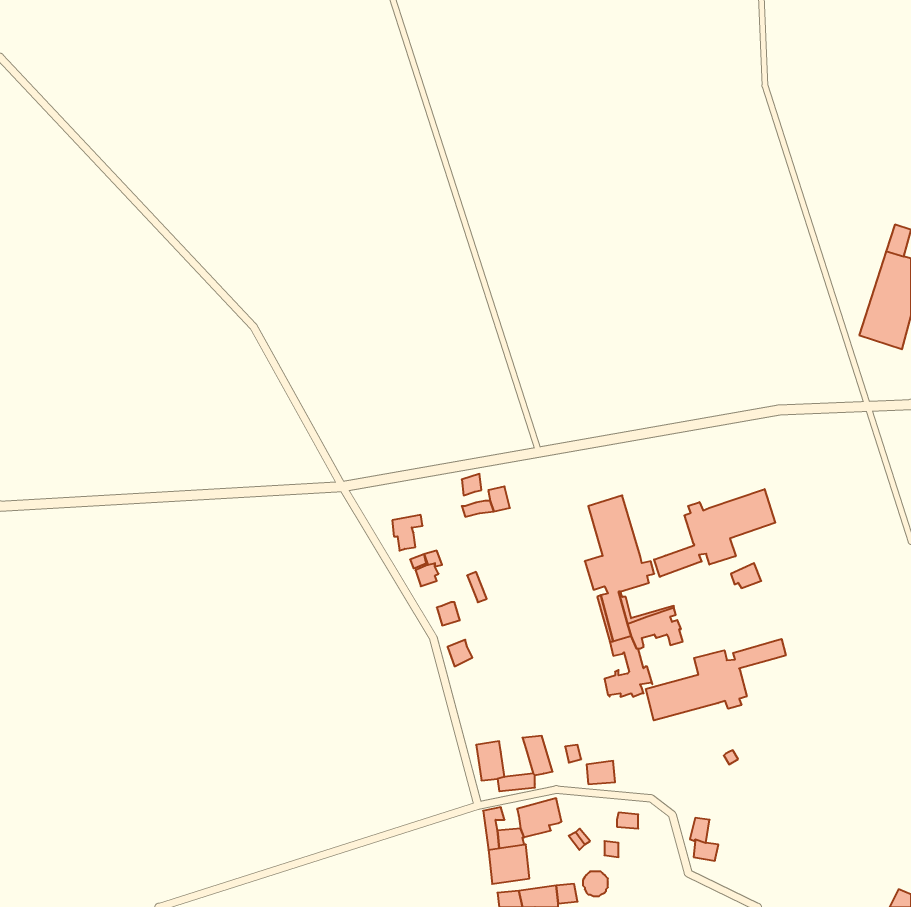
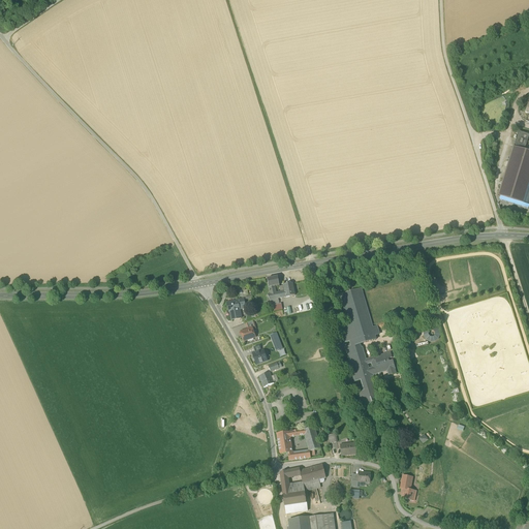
building: [654,489,775,577] -> none
building: [646,639,786,720] -> none

